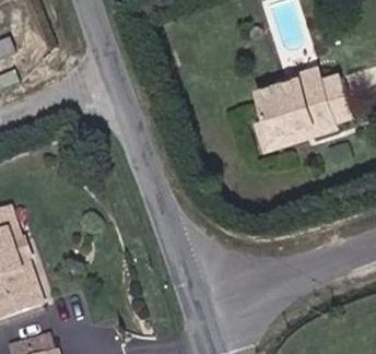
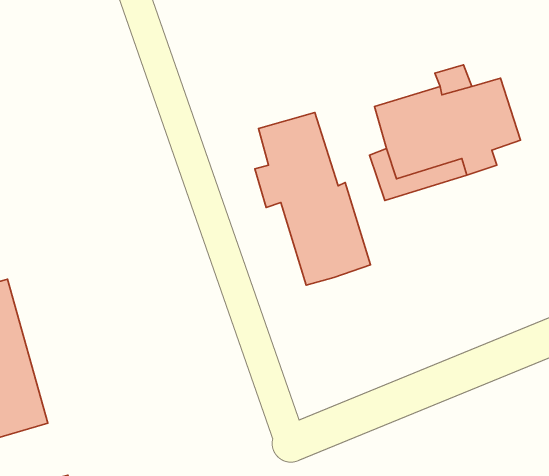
building: none -> [255,113,370,285]

